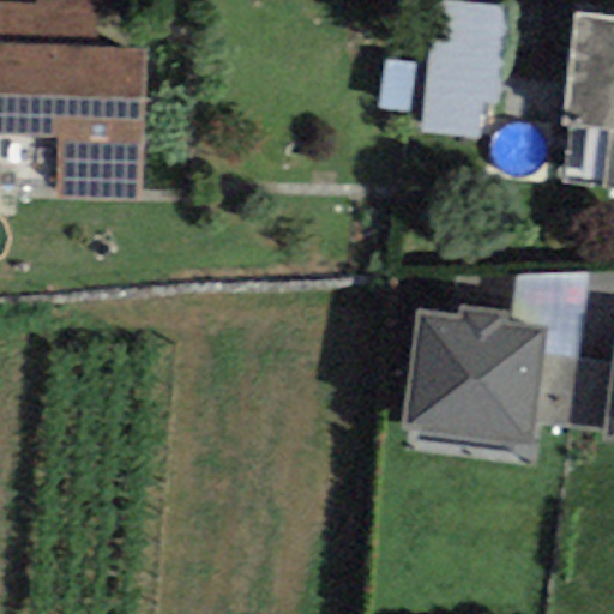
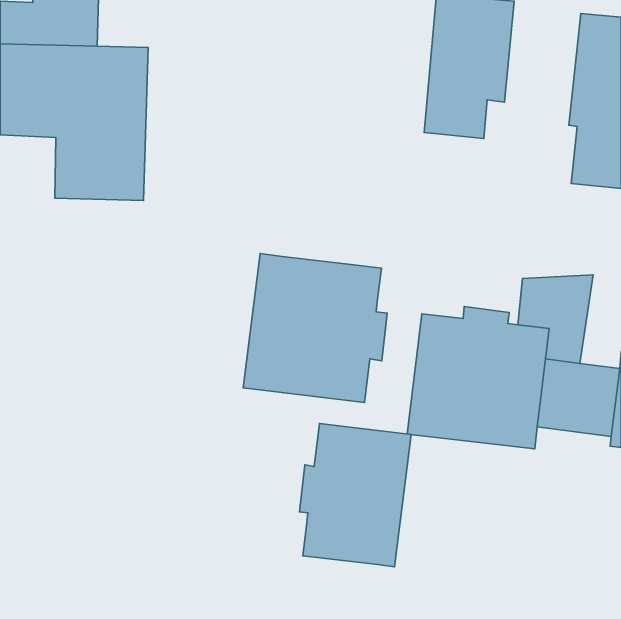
building: none -> [243,254,387,402]
building: none -> [300,424,411,567]

